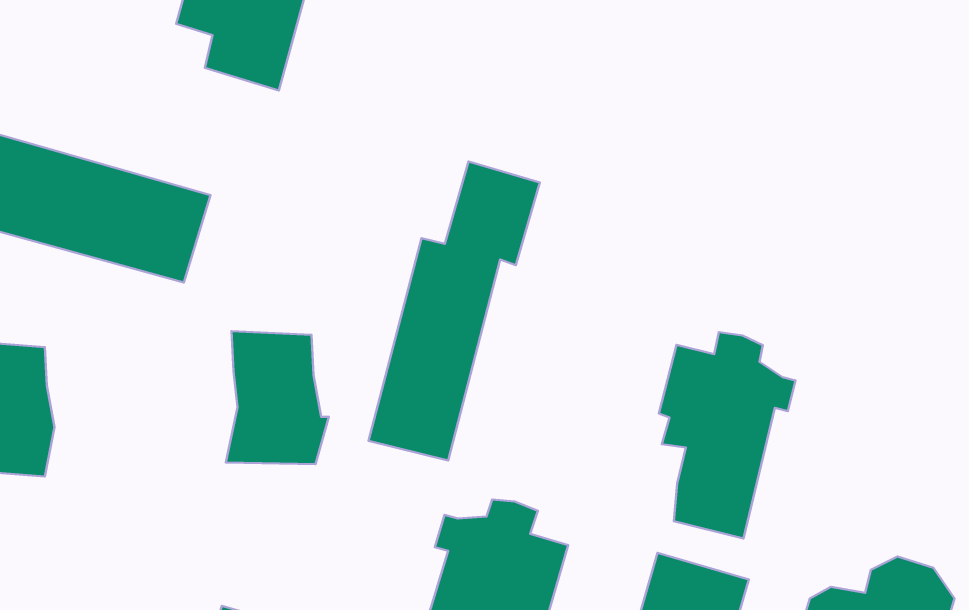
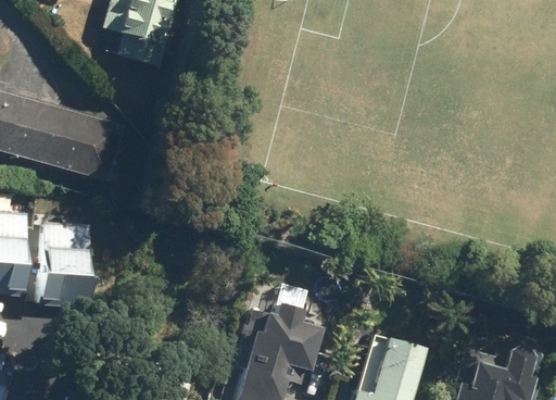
building: [369,161,540,460] -> none
building: [226,331,329,464] -> [40,224,99,300]
building: [659,332,796,538] -> none

